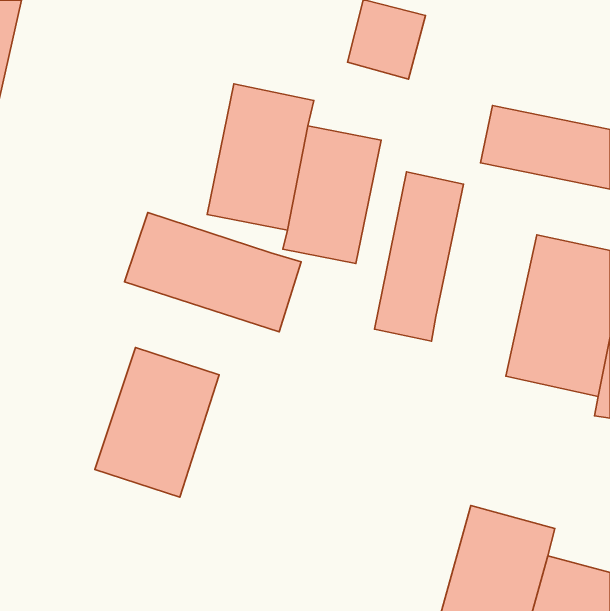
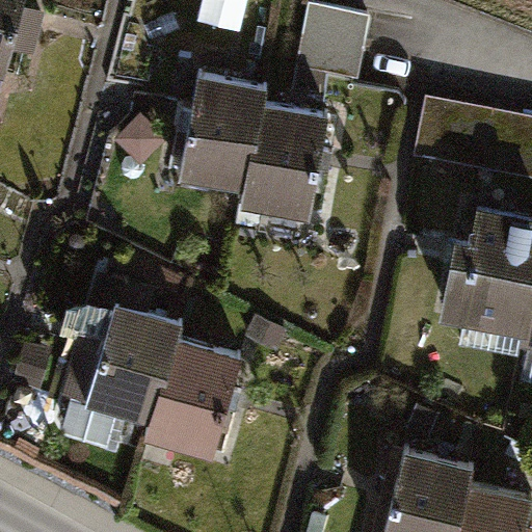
building: [374,172,464,341] -> none
building: [125,213,301,332] -> none
building: none -> [150,351,242,469]

